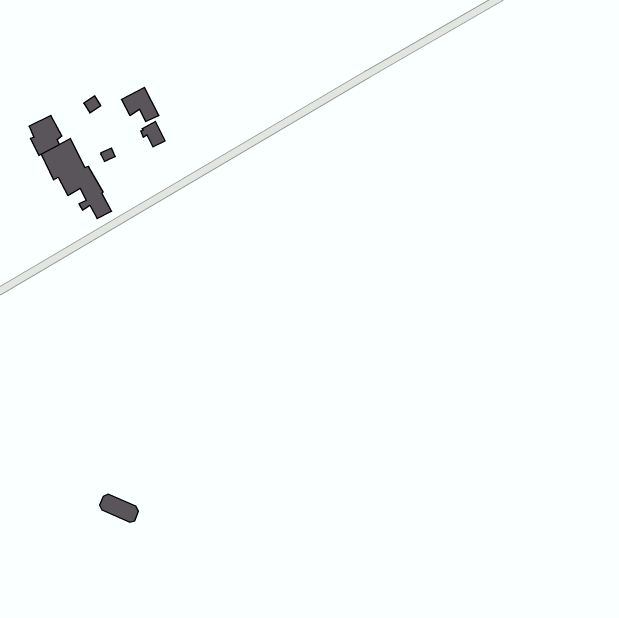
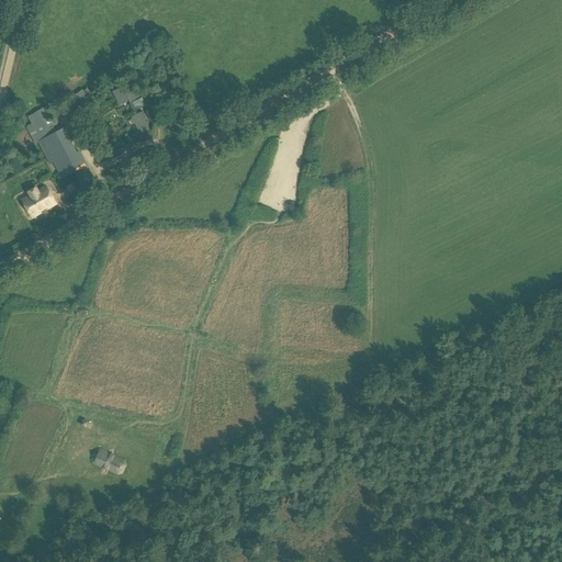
building: none -> [23,186,54,214]

